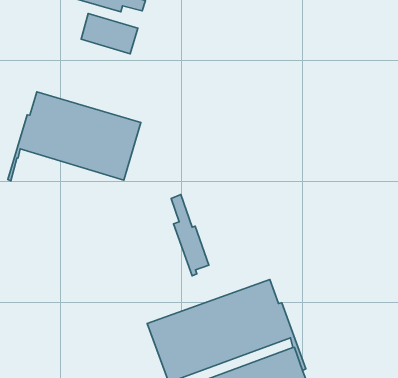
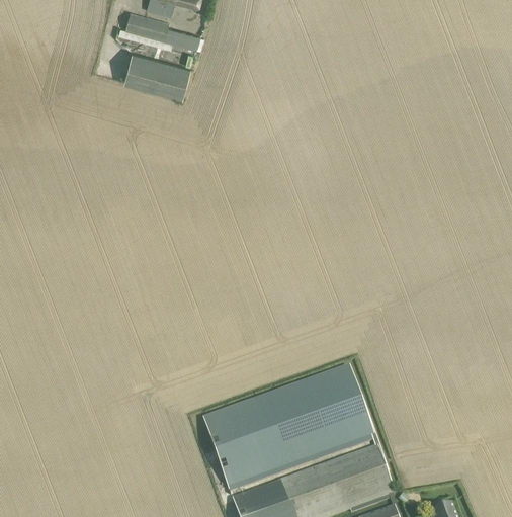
building: [8,92,141,181] -> none
building: [171,195,209,276] -> none

